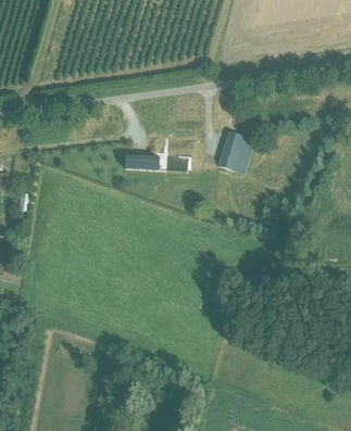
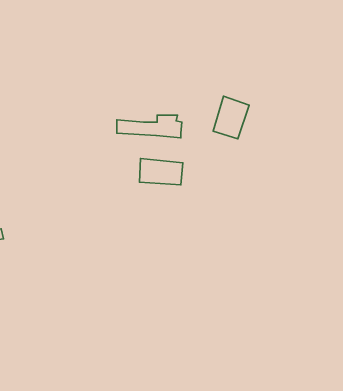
building: none -> [139,159,183,185]

